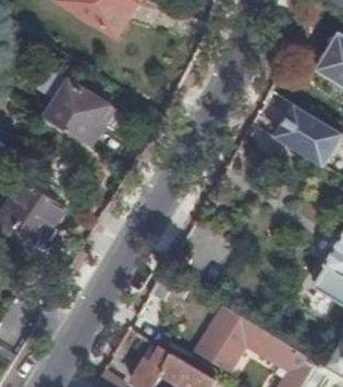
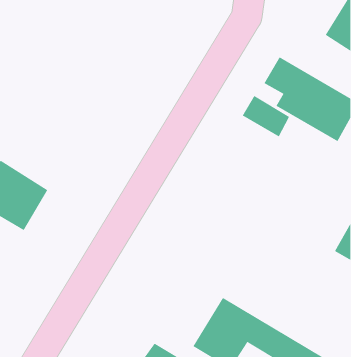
building: [45,82,109,148] -> none

